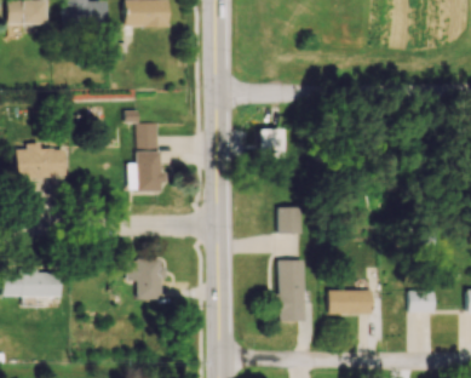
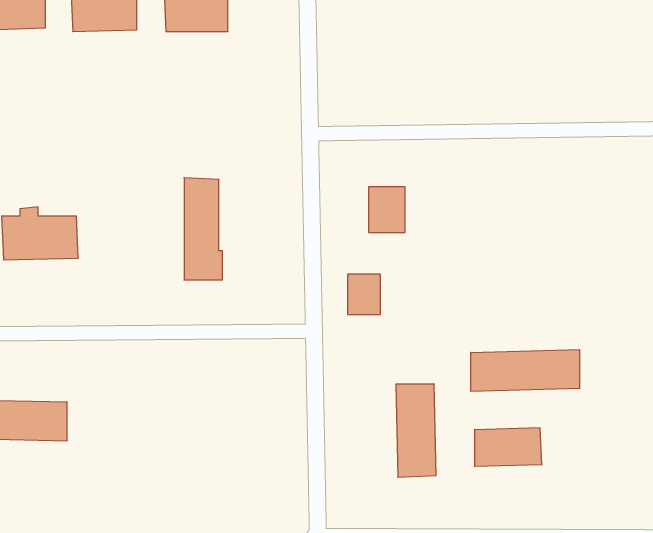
building: [280,207,301,234] -> [348,274,380,314]
building: none -> [471,350,579,391]
building: [133,259,163,299] -> none
building: [409,292,436,313] -> none

